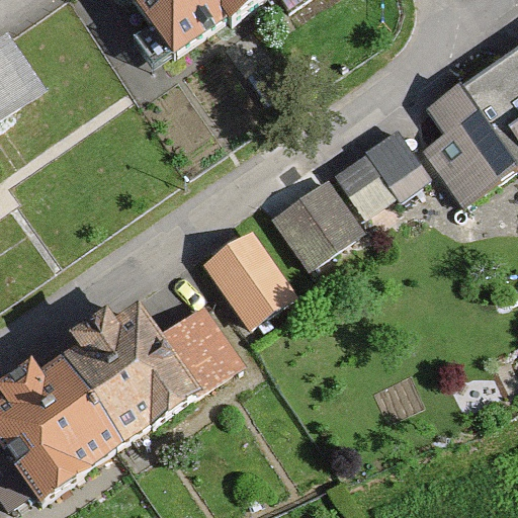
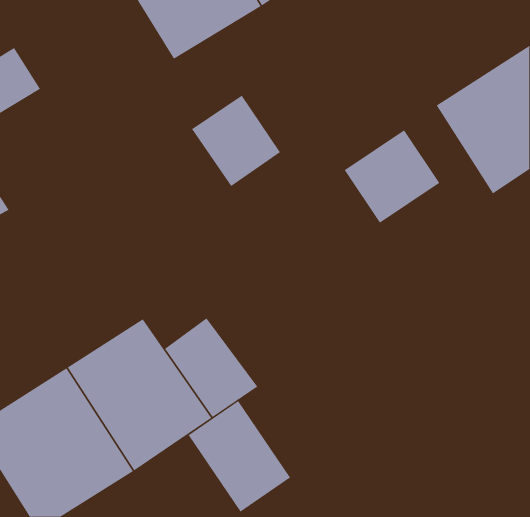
building: [272,171,359,260] -> [191,95,281,187]
building: [202,232,297,333] -> none
building: none -> [188,400,291,512]

